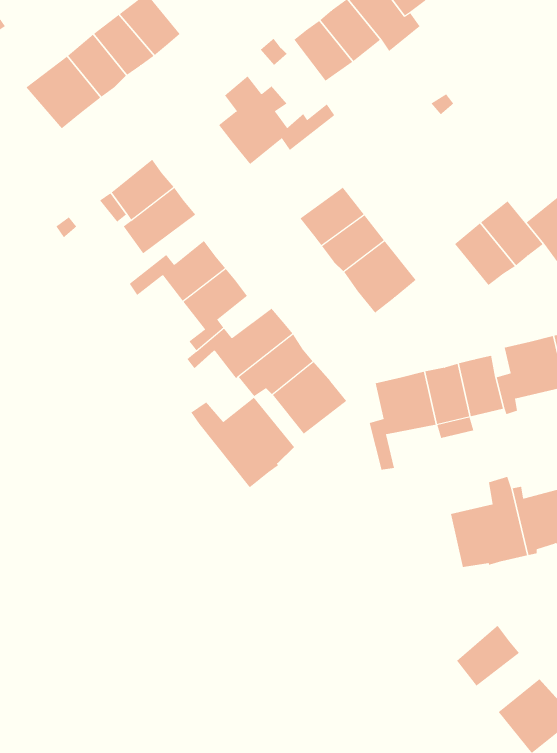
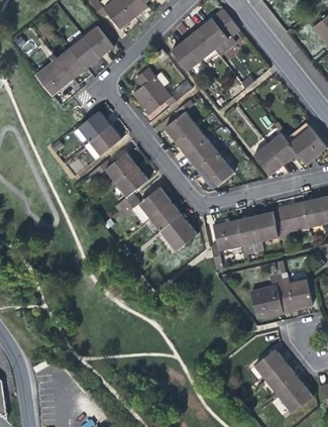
building: none -> [165,99,197,140]
building: [190,397,295,488] -> none
building: none -> [264,361,297,392]

